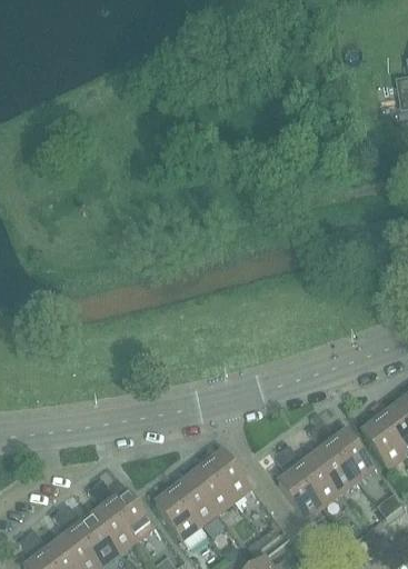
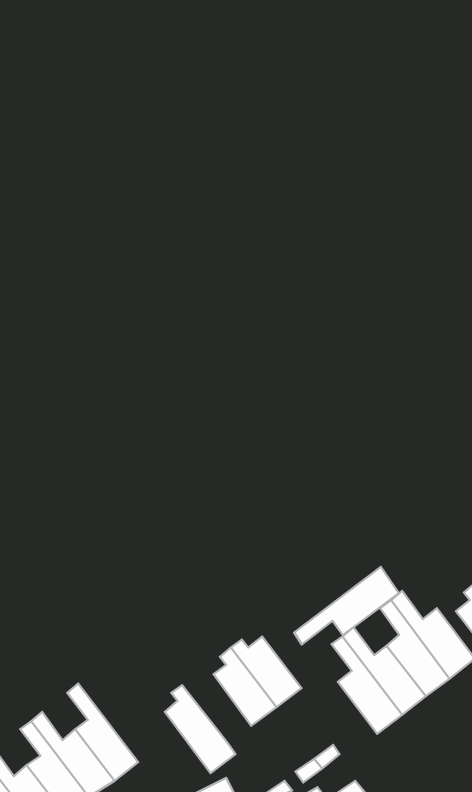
building: none -> [294,567,399,645]
building: [168,480,217,529] -> none
building: [94,481,155,542] -> none

